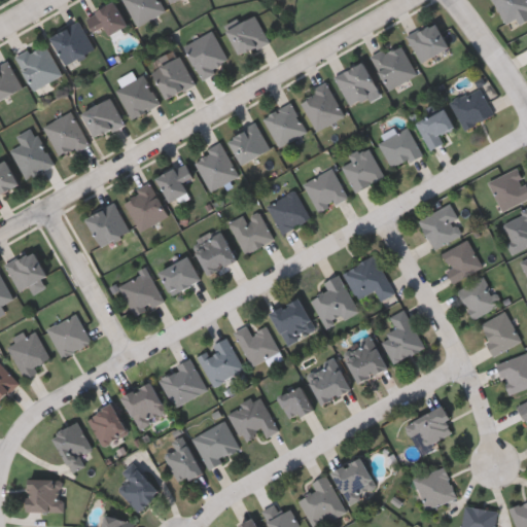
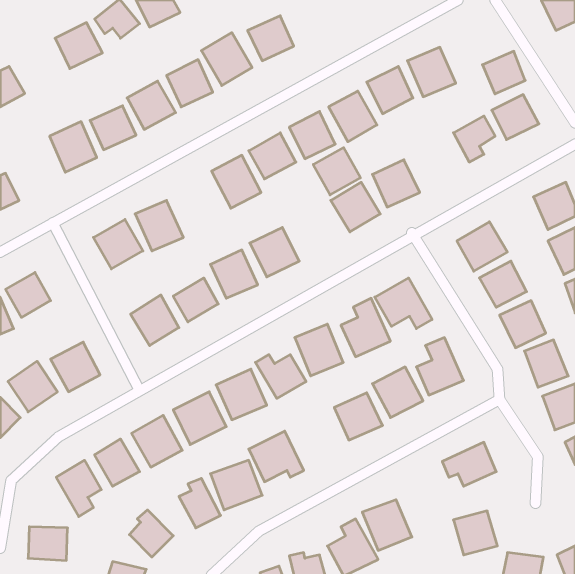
building: [409,23,448,62] -> [482,51,525,94]
building: [16,42,61,90] -> none
building: [377,125,421,169] -> none
building: [11,135,55,180] -> none
building: [155,162,192,203] -> none
building: [267,190,310,234] -> [313,148,360,195]
building: [277,385,312,421] -> none

